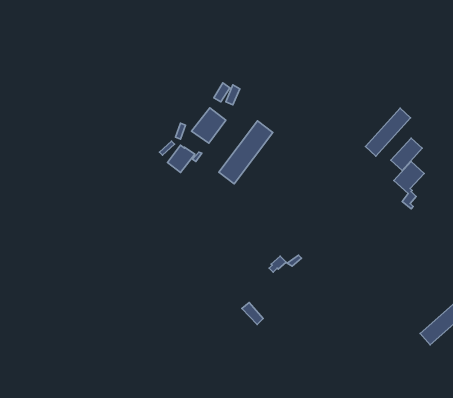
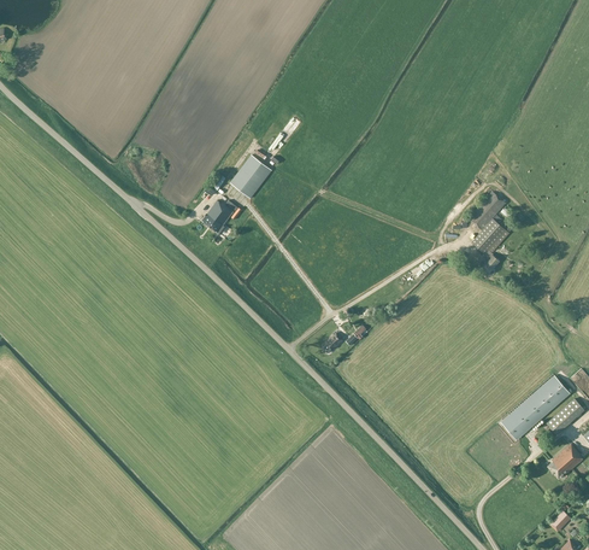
building: [365,108,411,156] -> none
building: [219,121,273,184] -> none

